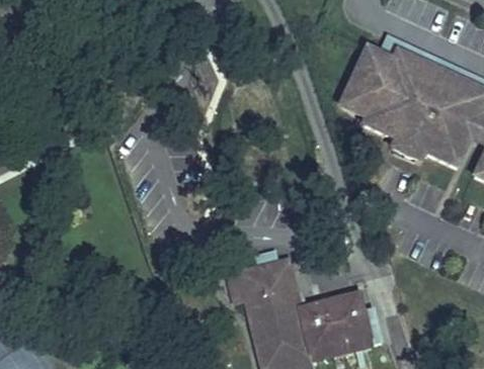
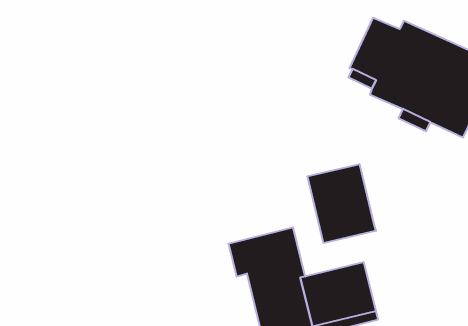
building: none -> [307,164,376,243]

